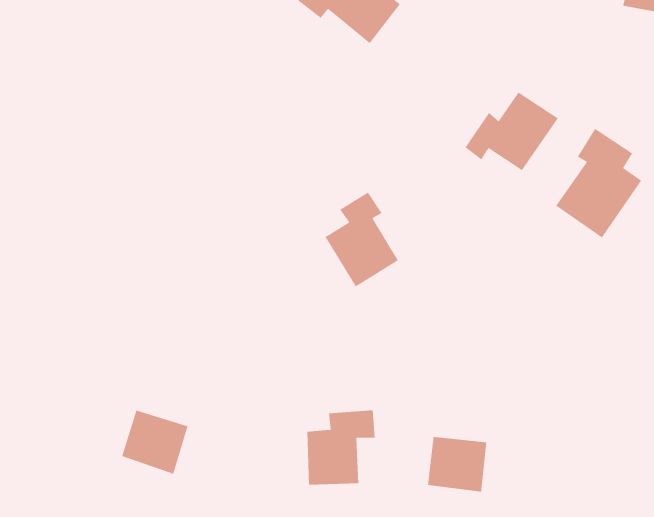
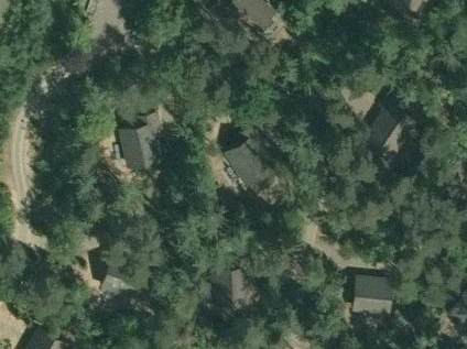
building: [464,91,559,171] -> none
building: none -> [120,117,159,170]
building: [427,436,487,493] -> [354,281,390,315]

